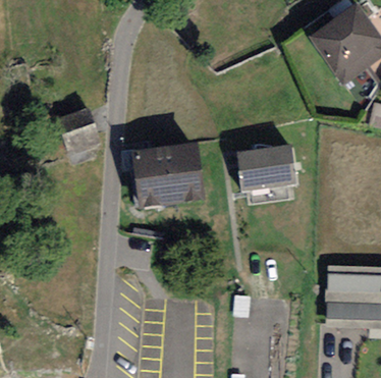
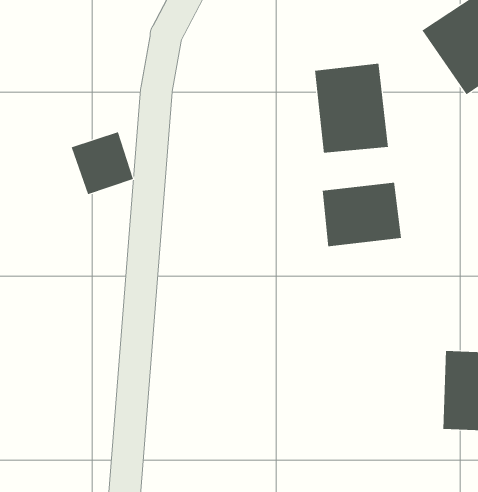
building: none -> [314,63,389,154]
building: [130,143,204,210] -> none

